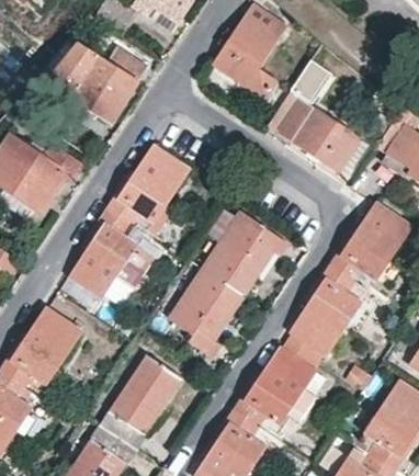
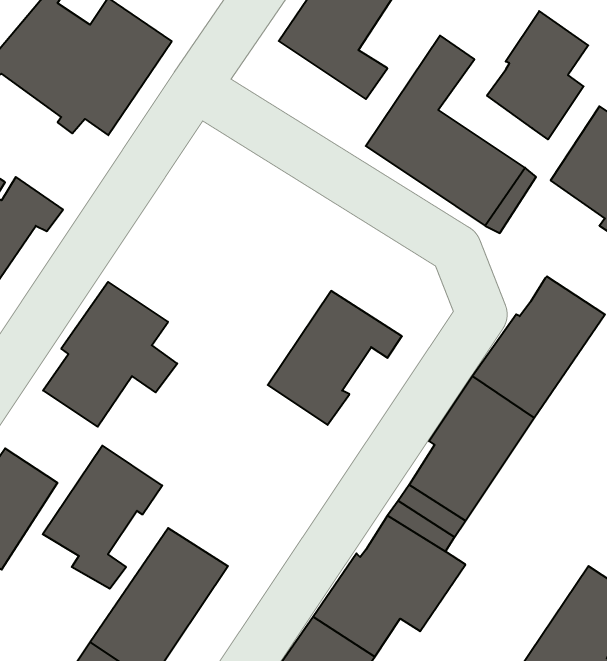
building: none -> [487,11,588,139]
building: [110,148,188,233] -> none
building: [170,271,242,358] -> [43,446,162,589]

